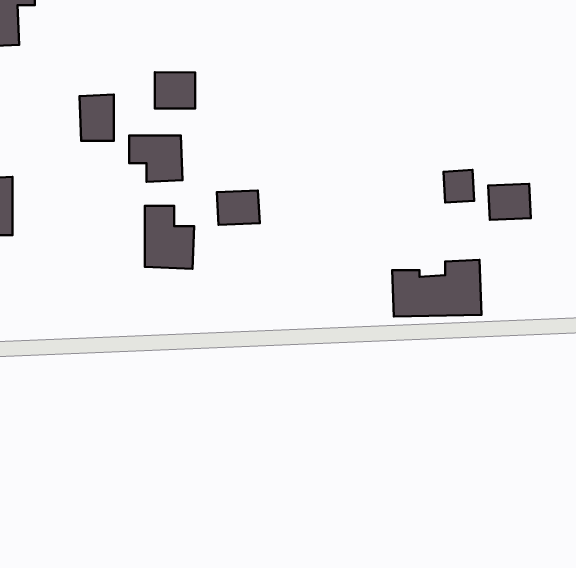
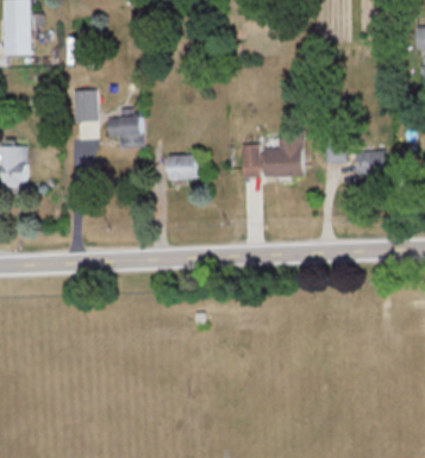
building: [155,72,195,109] -> none
building: [145,206,194,269] -> none
building: [392,260,481,316] -> [242,137,304,176]

